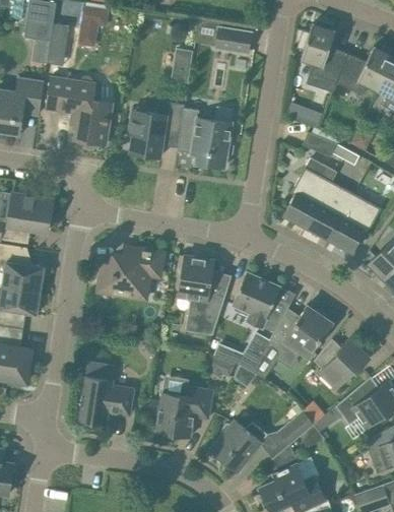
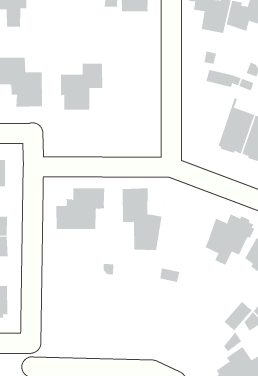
building: [174,46,193,80] -> none
building: [177,108,229,168] -> none
building: [283,157,332,223] -> none
building: [226,272,289,332] -> none
building: [215,331,270,372] -> none
building: [77,361,133,425] -> none
building: [155,386,212,438] -> none
building: [209,420,267,472] -> none

